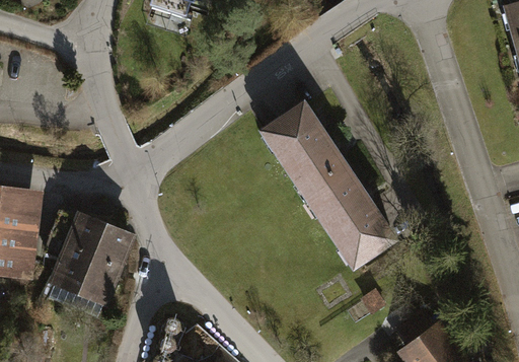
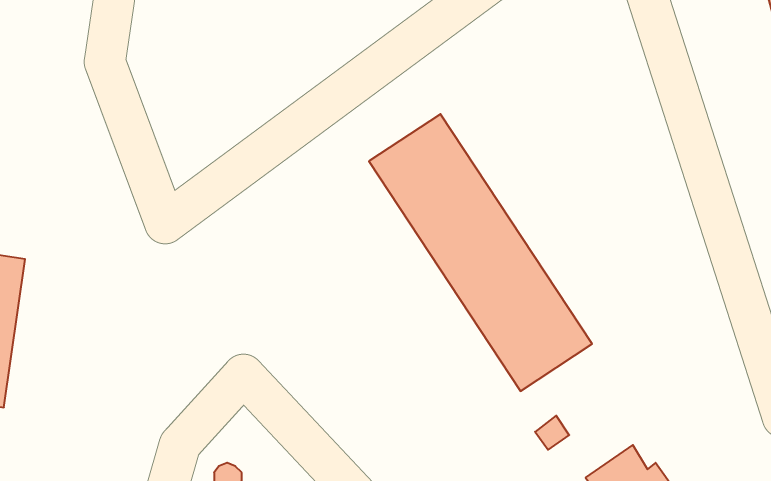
building: [46,212,135,307] -> none

